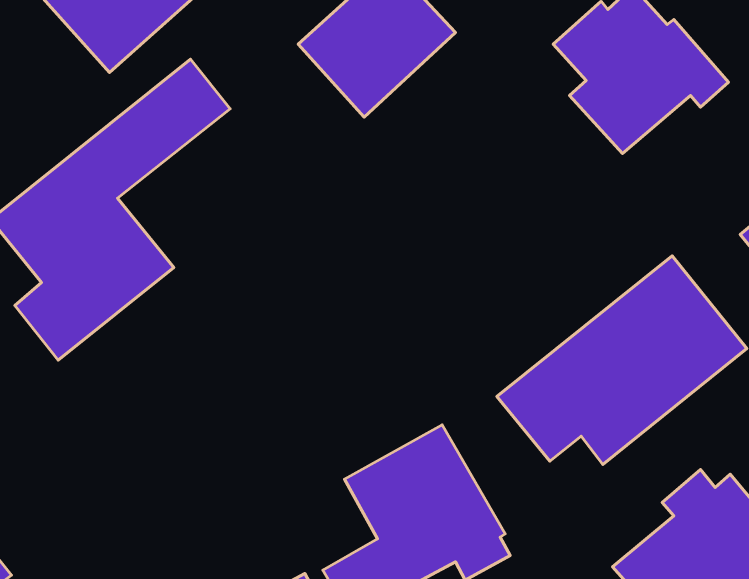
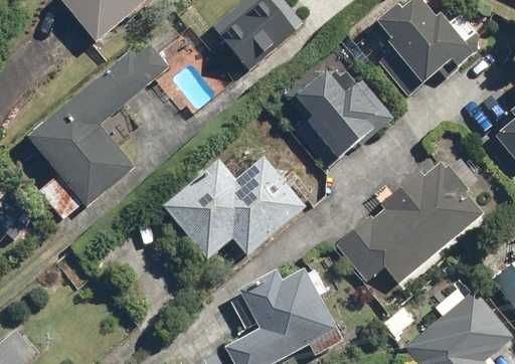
building: none -> [284,65,395,156]
building: none -> [160,156,308,258]

